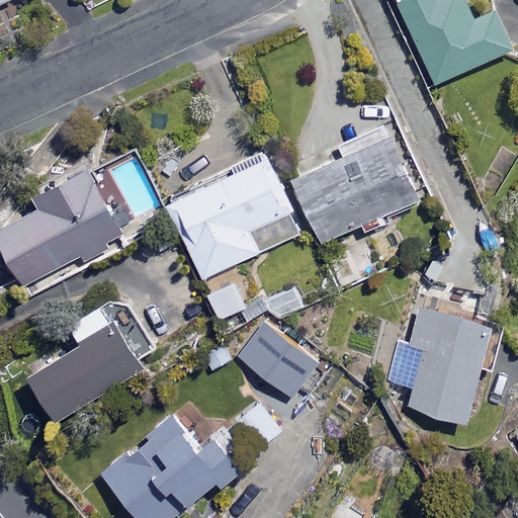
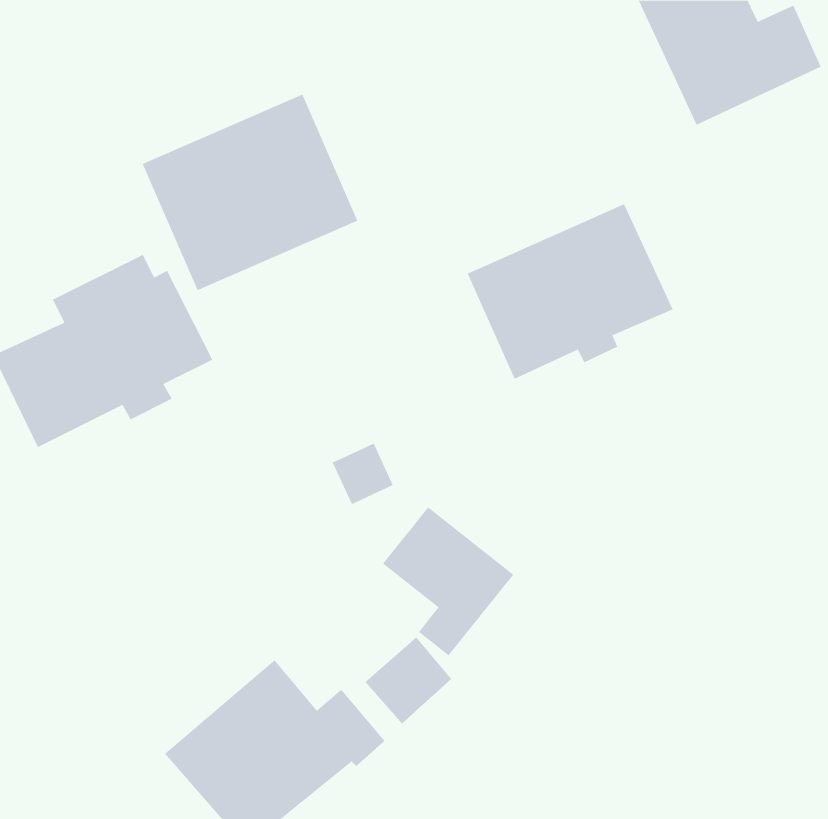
building: [167,158,301,280] -> [142,94,358,291]
building: [28,301,140,418] -> none
building: [407,309,489,422] -> none

